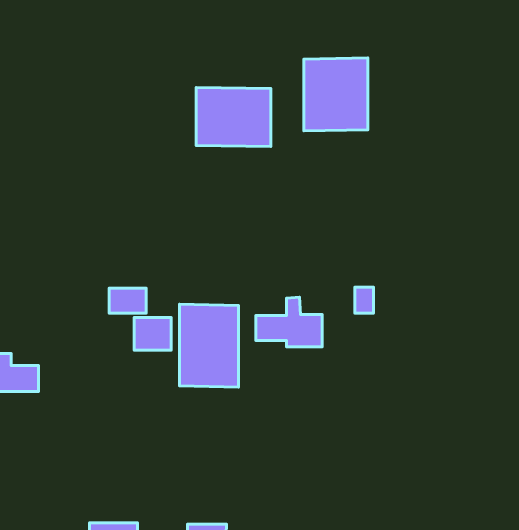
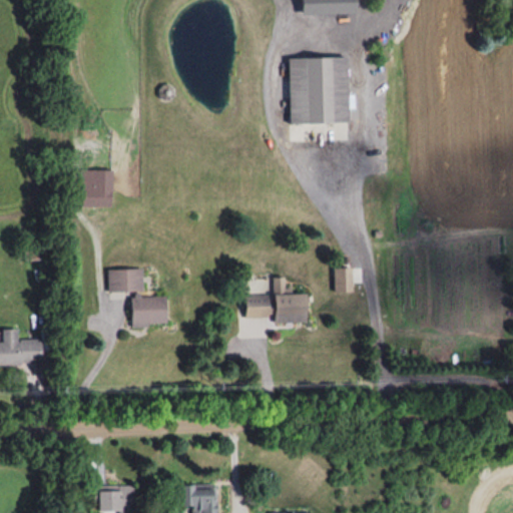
building: [196,88,271,146] -> none
building: none -> [81,170,112,206]
building: [179,304,239,387] -> none

